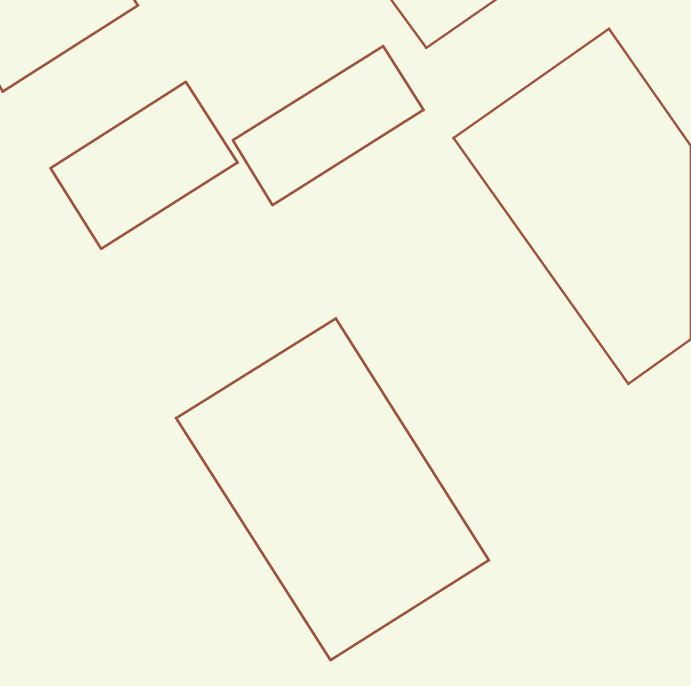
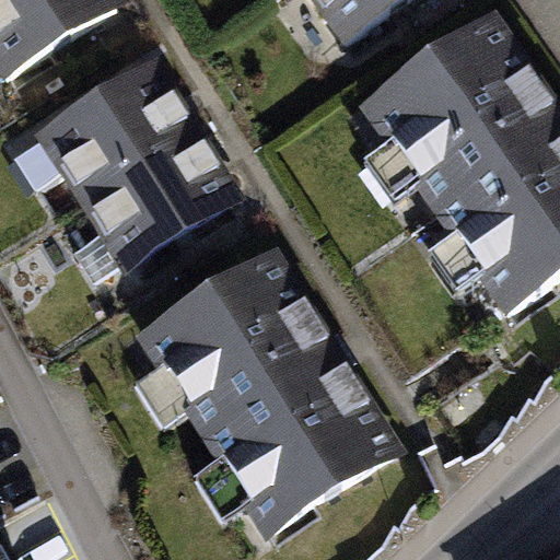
building: [233,46,424,205] -> none
building: none -> [71,130,231,279]

